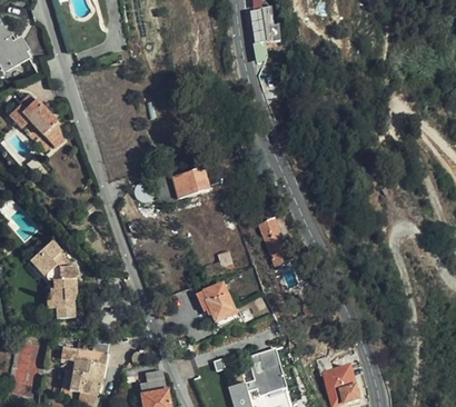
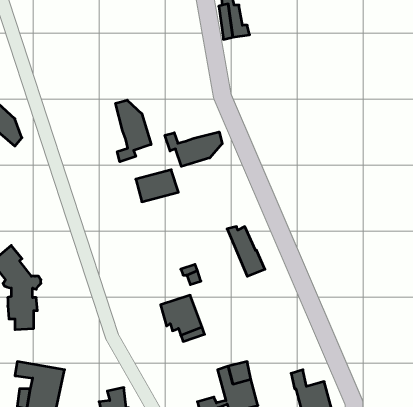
building: none -> [116,100,151,162]
building: none -> [165,132,222,166]

